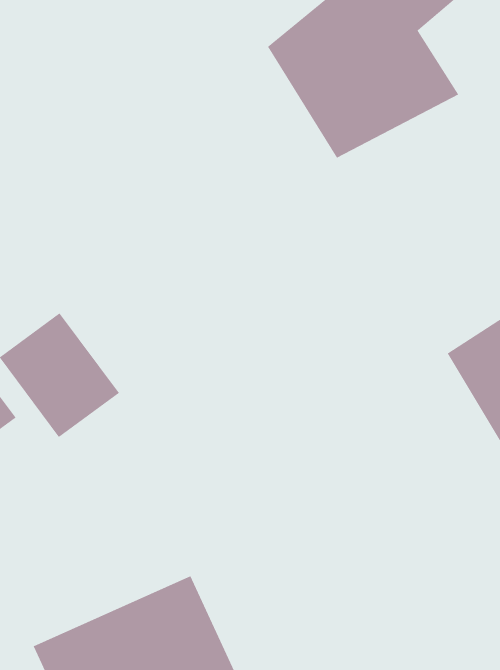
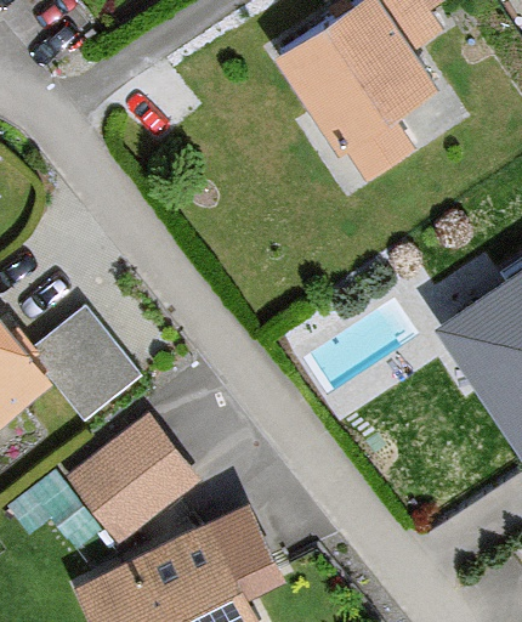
building: none -> [61,420,191,552]

